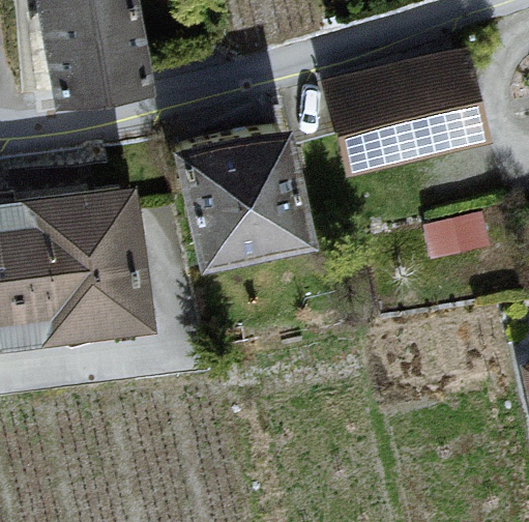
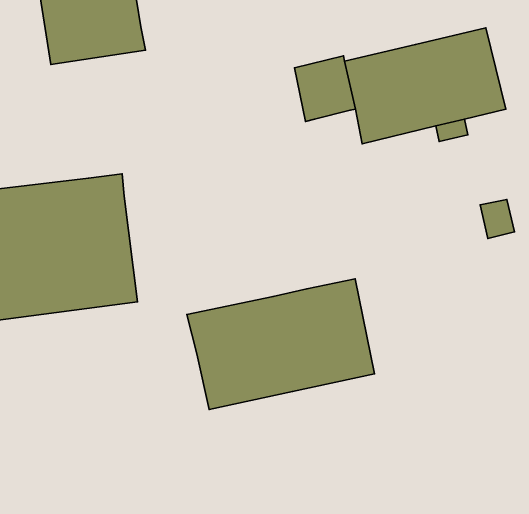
building: [184,130,308,254] -> none
building: none -> [187,279,375,410]

